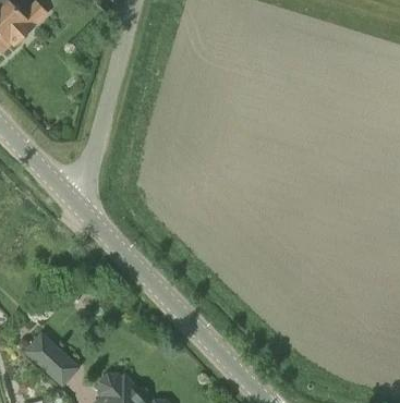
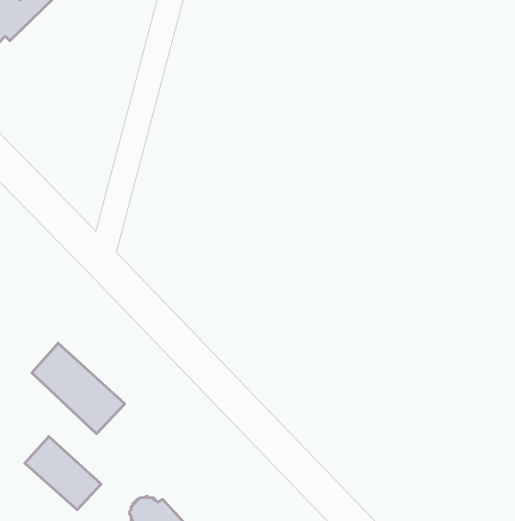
building: none -> [32,343,125,434]

